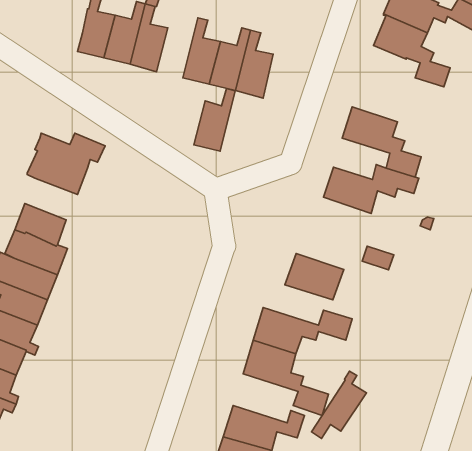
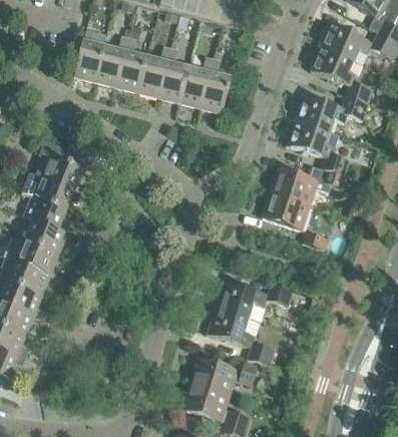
building: none -> [295,95,368,132]
building: [194,88,235,151] -> [138,47,171,97]
building: none -> [22,172,82,210]
building: [285,253,344,300] -> [263,192,310,230]
building: [311,371,366,439] -> none

